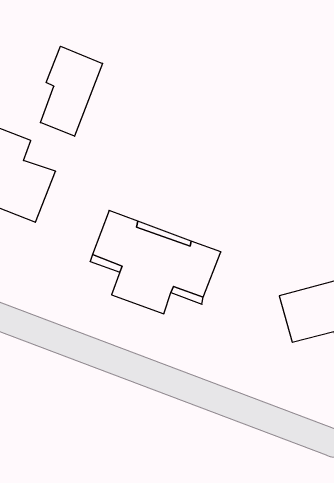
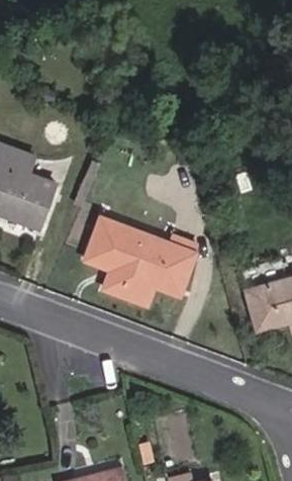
building: [40,46,103,136] -> none

